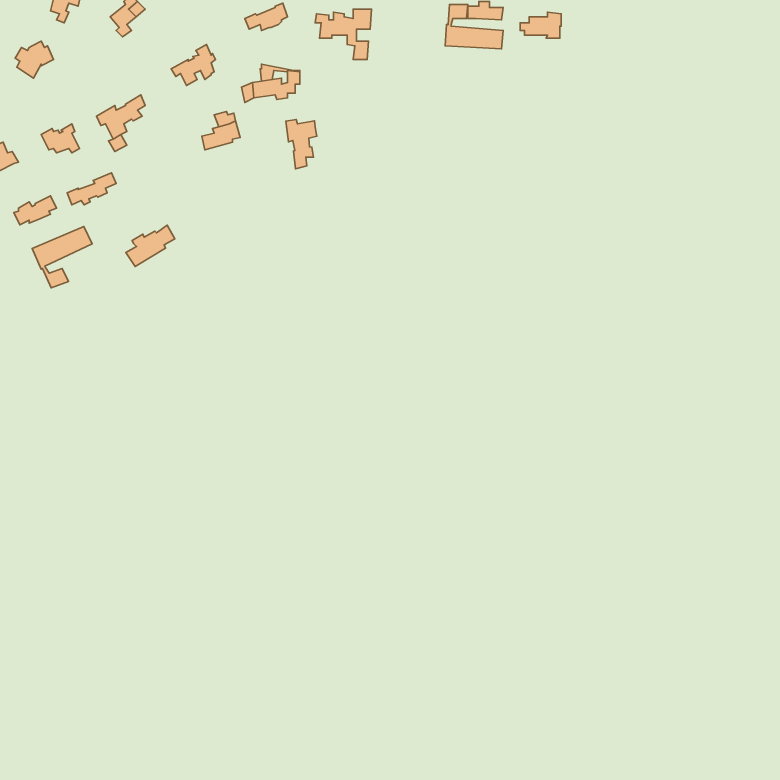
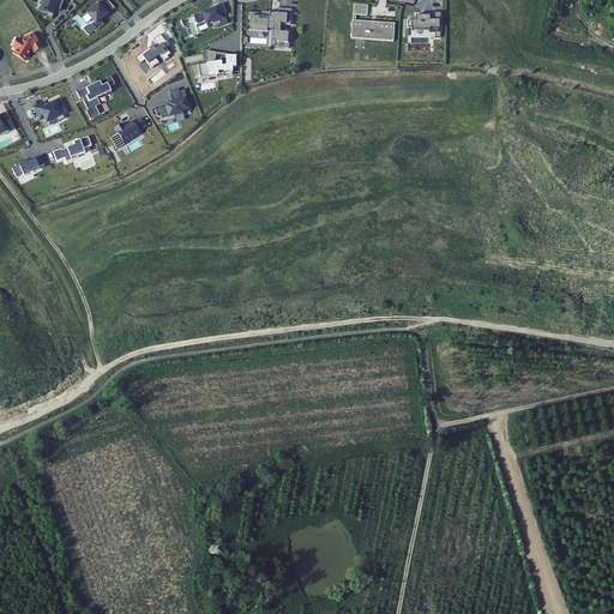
building: [286,119,317,169] -> none
building: [126,225,175,266] -> [109,115,148,148]
building: [32,226,92,288] -> none

